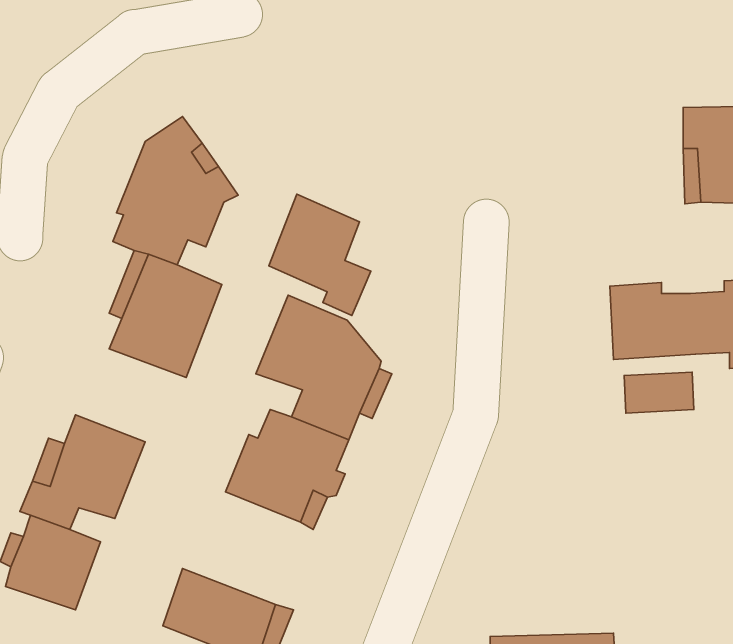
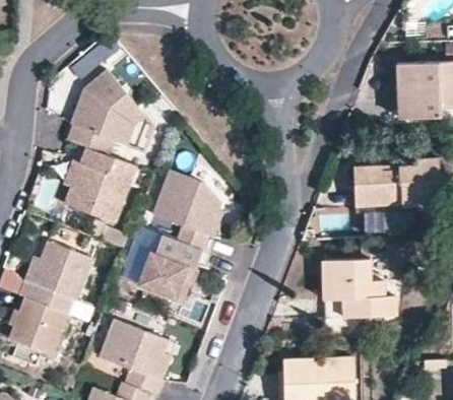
building: [269,194,371,316] -> none
building: none -> [323,263,397,319]

